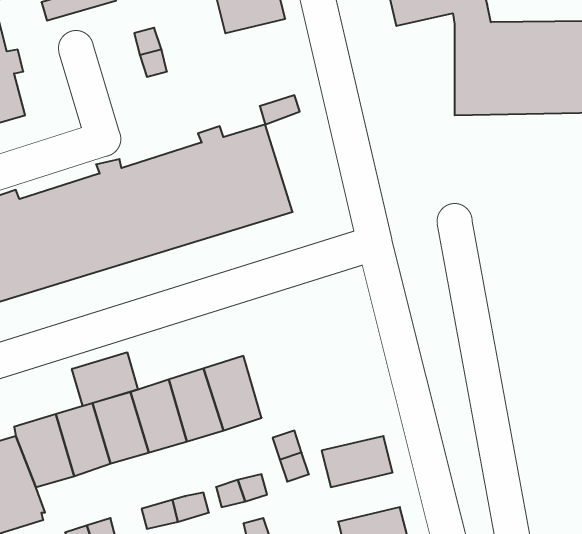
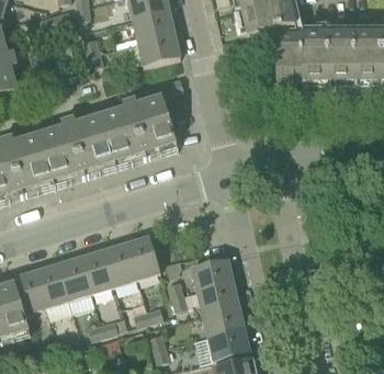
building: none -> [138,31,180,64]
building: [72,352,138,406] -> none
building: none -> [190,257,234,291]
building: none -> [202,304,244,333]

